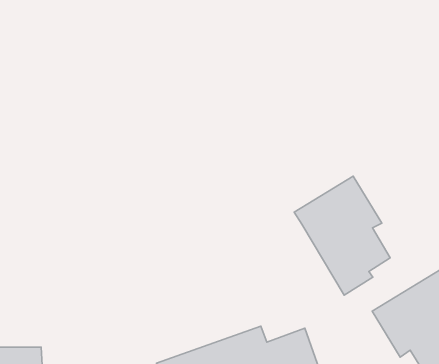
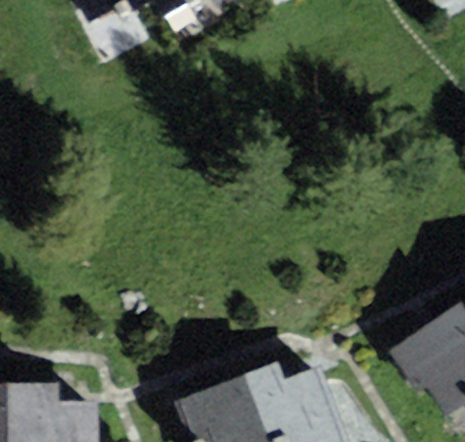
building: [294,176,390,295] -> none

